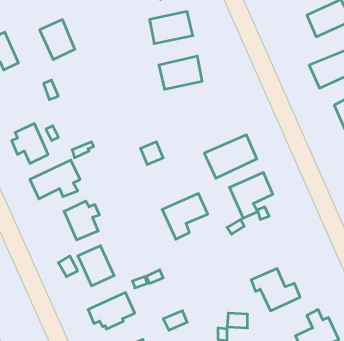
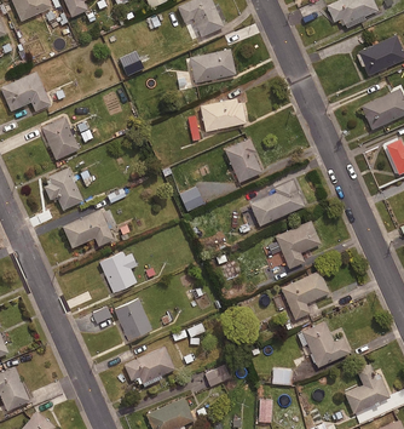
building: [40,20,75,60] -> [41,118,79,160]
building: none -> [225,139,262,183]
building: [162,194,208,239] -> [281,271,329,320]

